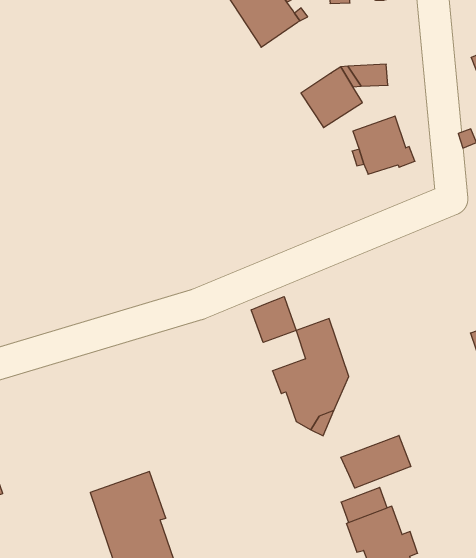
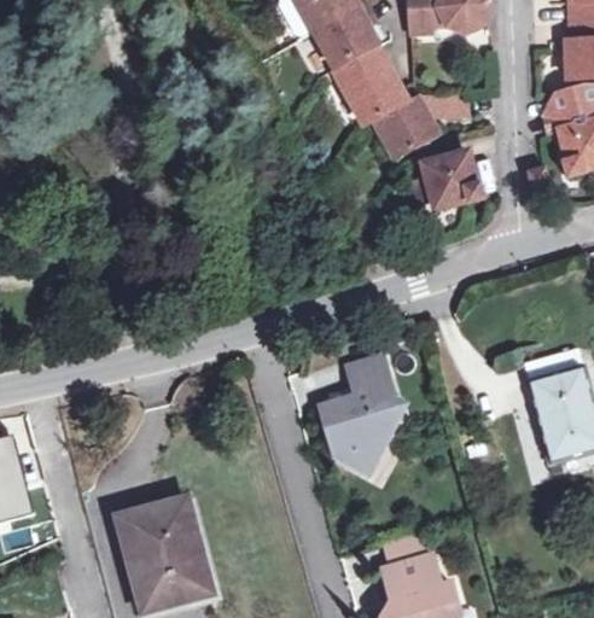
building: none -> [332,47,404,127]
building: [251,297,296,342] -> none
building: [341,435,411,488] -> none

